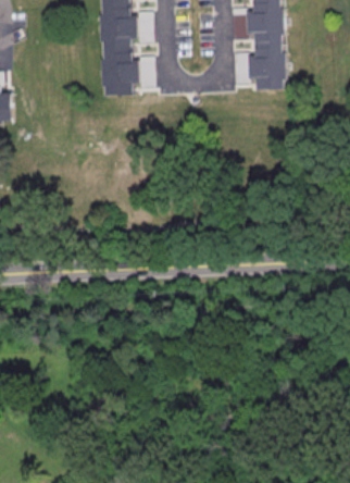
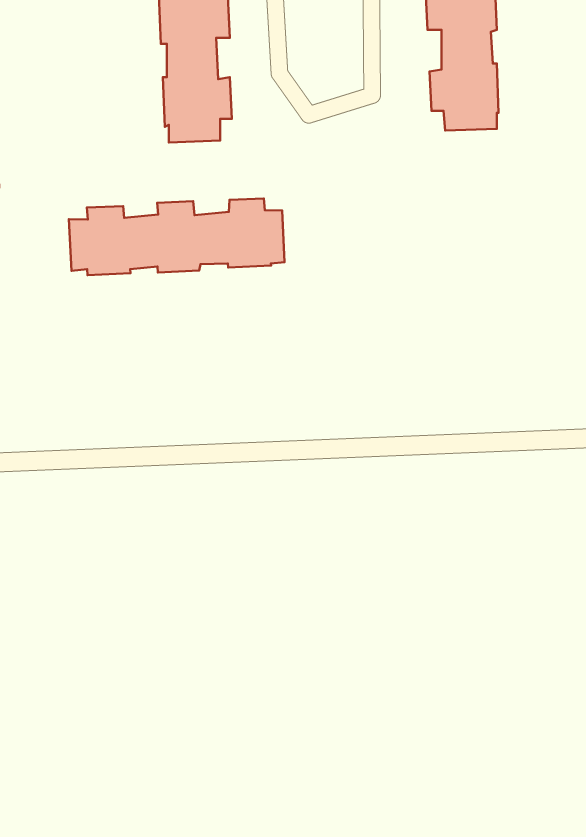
building: none -> [69,198,285,275]

